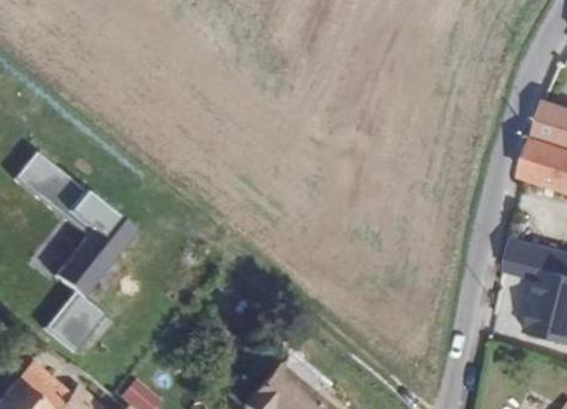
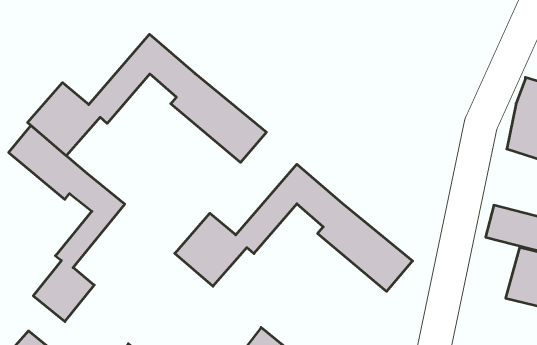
building: none -> [28,34,266,162]
building: none -> [175,164,413,291]

